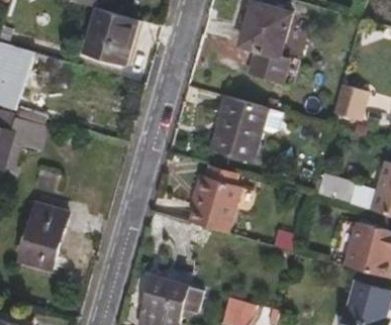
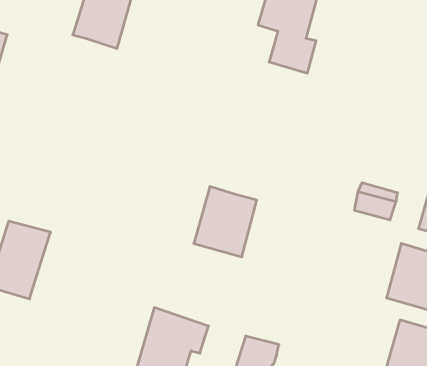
building: [332,83,366,119] -> none
building: [210,94,267,159] -> none

